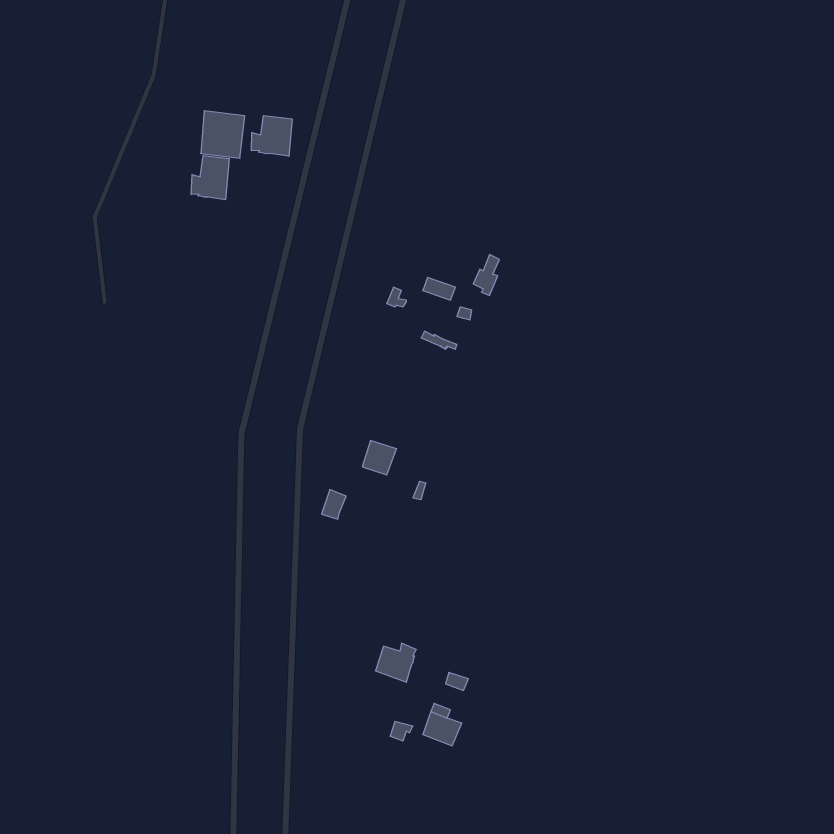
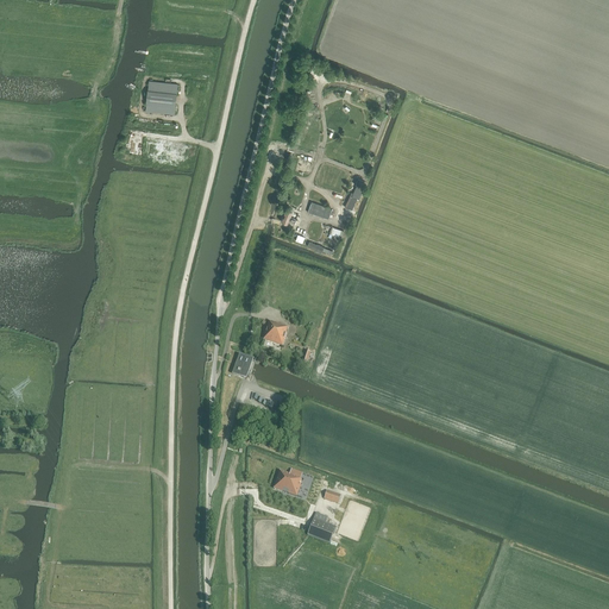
building: [251,116,292,156] -> none
building: [191,156,229,200] -> none

